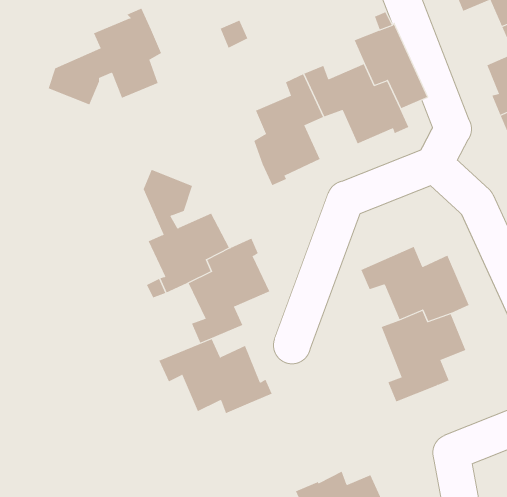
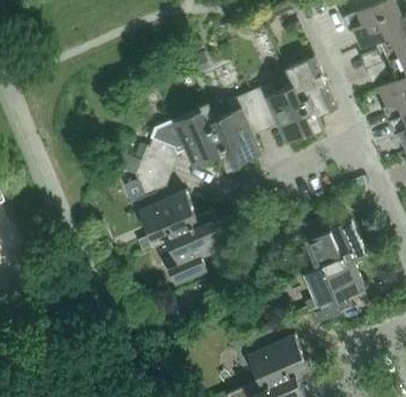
building: [48,8,162,105] -> [141,103,221,172]
building: [158,339,272,414] -> [232,329,312,383]

